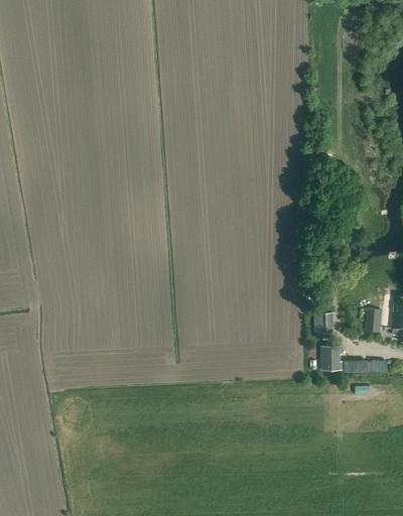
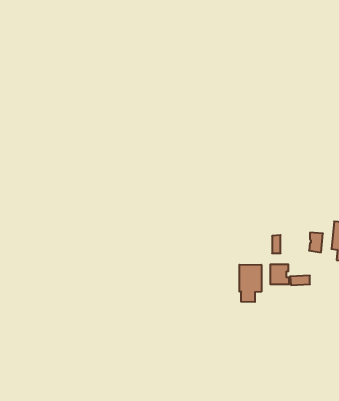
building: none -> [239,265,261,302]

